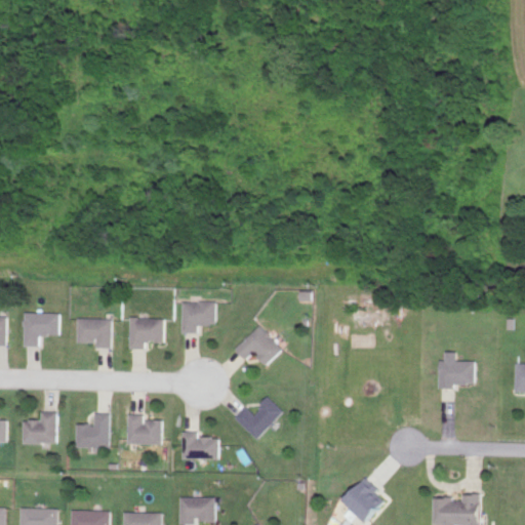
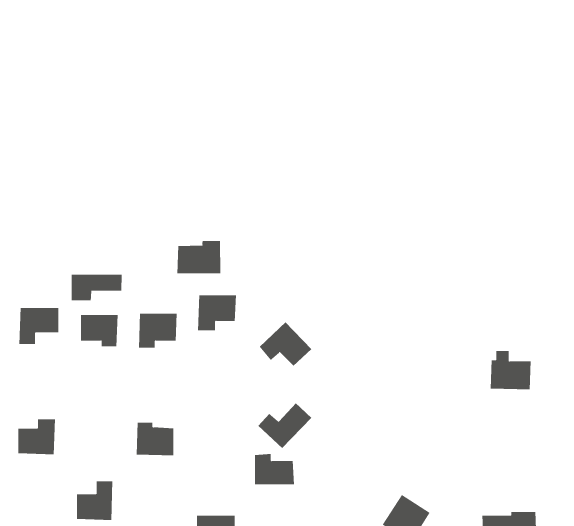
building: none -> [177,240,221,274]
building: none -> [71,274,122,301]
building: [75,413,108,448] -> [76,481,113,520]
building: [181,432,217,459] -> [254,454,295,485]

